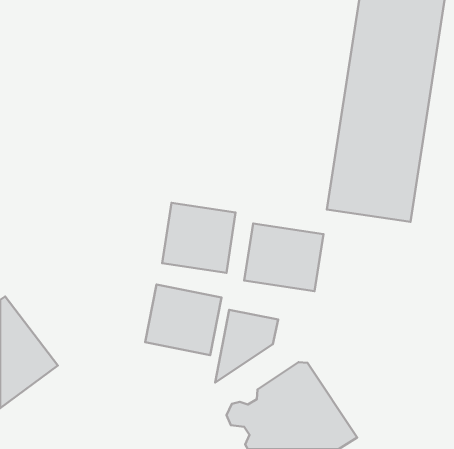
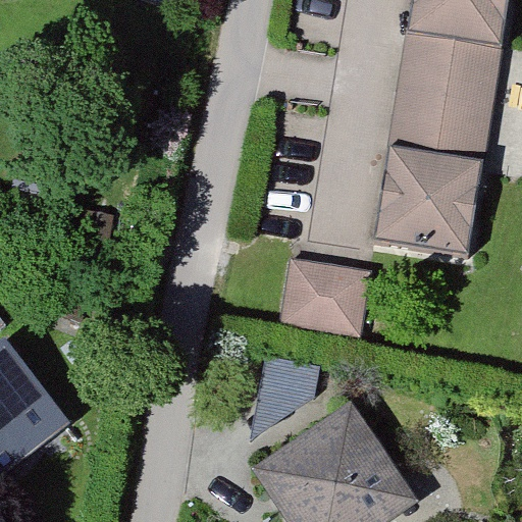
building: [162,203,236,273] -> none
building: [145,284,221,355] -> none

